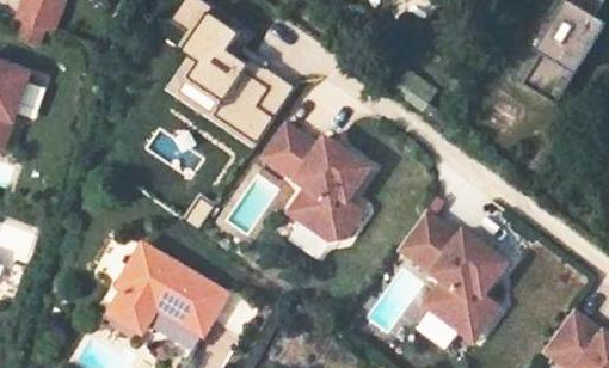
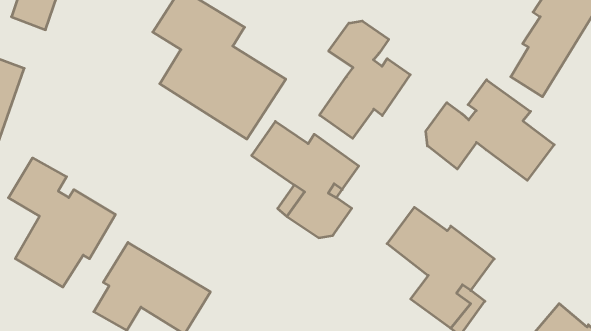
building: none -> [320,21,410,138]
building: none -> [426,80,554,180]
building: none -> [8,158,115,287]

